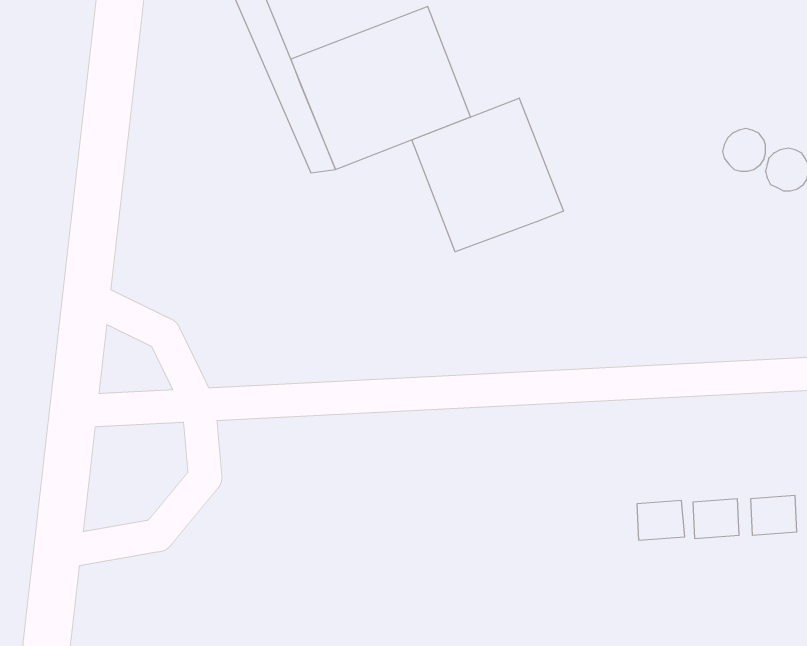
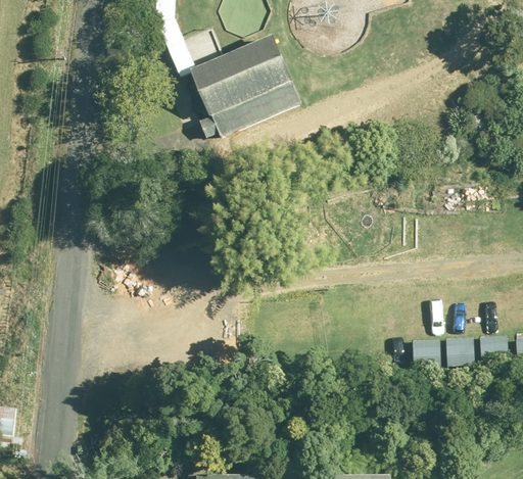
building: [412,98,563,252] -> none

